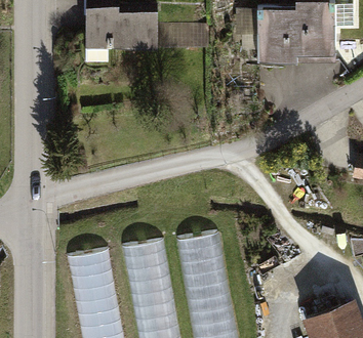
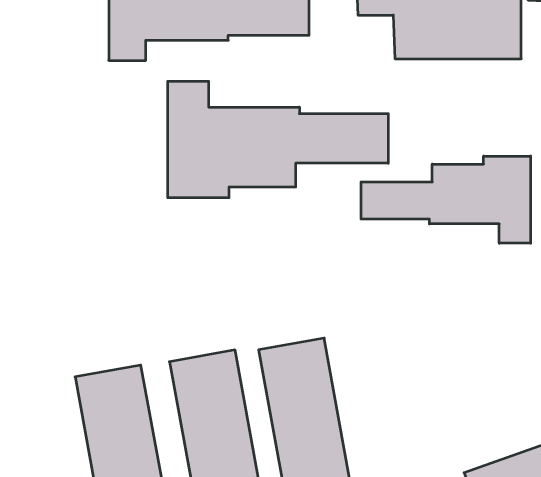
building: none -> [168,81,388,198]
building: none -> [361,156,531,243]

